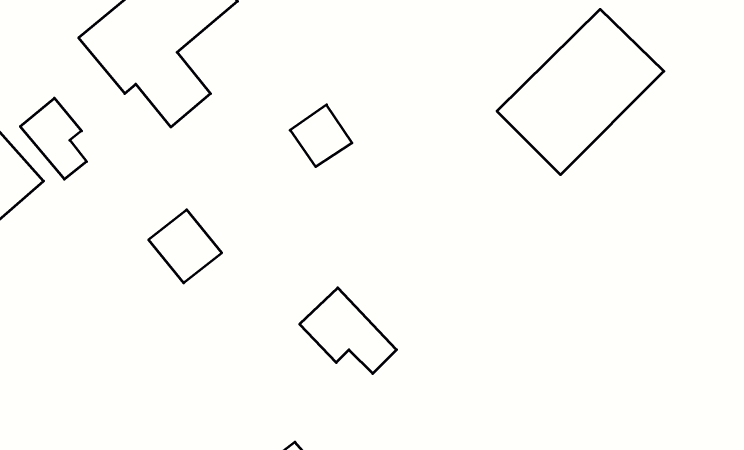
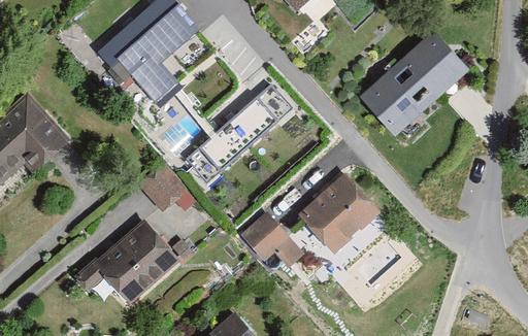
building: [20,98,87,179] -> none
building: none -> [297,173,377,253]
building: none -> [76,220,180,309]

